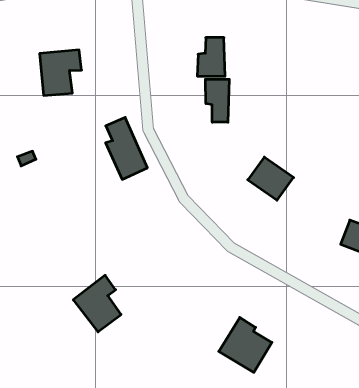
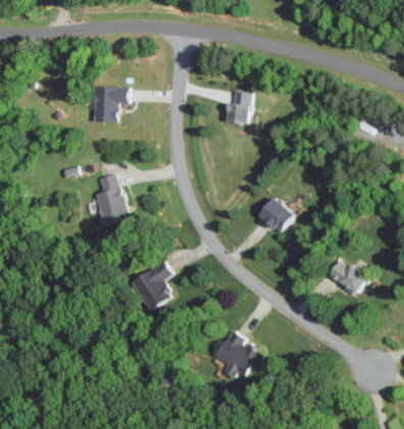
building: [205,79,229,122] -> none
building: [106,117,147,179] -> [97,173,130,225]
building: [73,275,121,332] -> [137,261,175,308]

